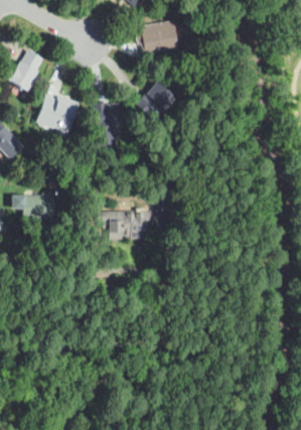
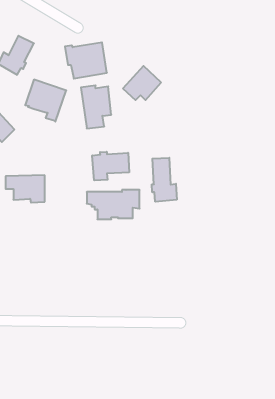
building: [136,21,179,58] -> [65,42,107,79]
building: none -> [92,152,129,180]
building: none -> [152,158,177,202]

